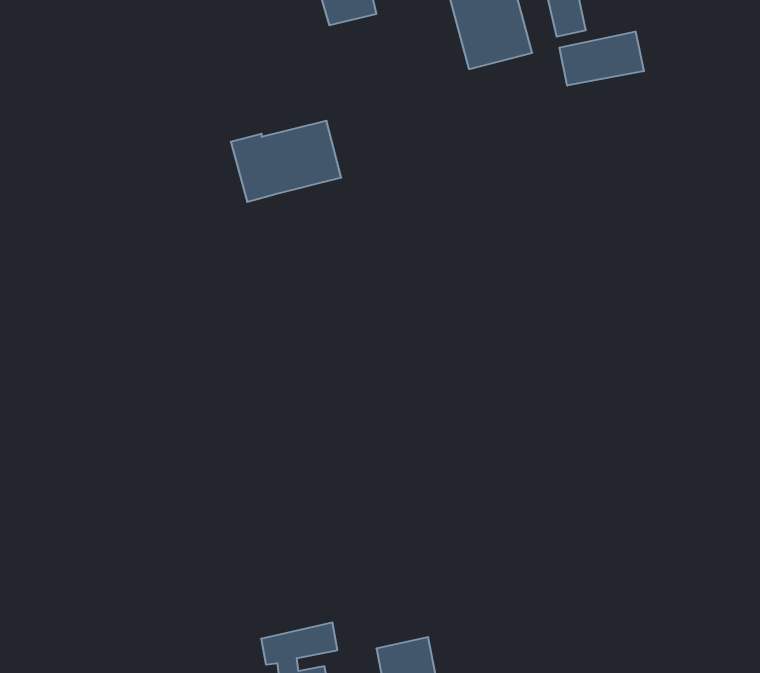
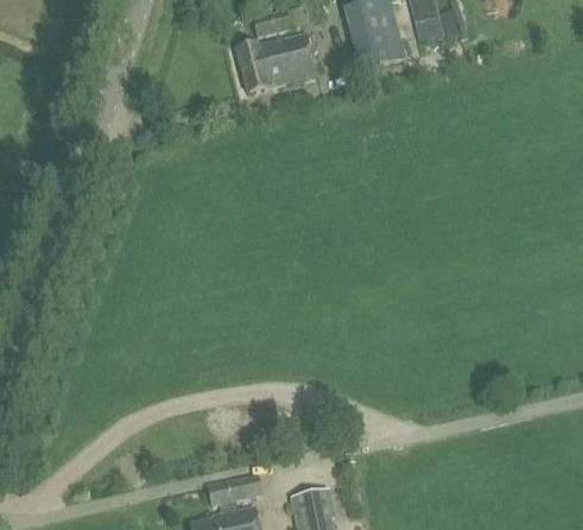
building: [559,31,644,86] -> none
building: [231,121,341,202] -> [235,33,316,93]

